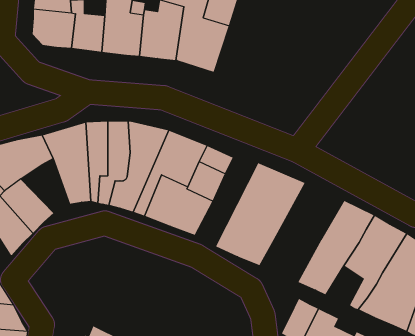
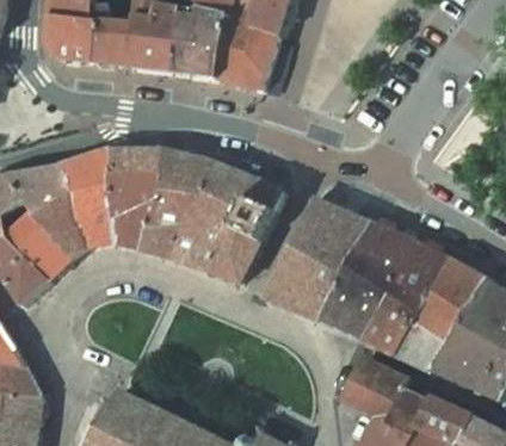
building: none -> [32,193,90,258]
building: none -> [314,222,413,339]
building: none -> [391,320,436,366]

